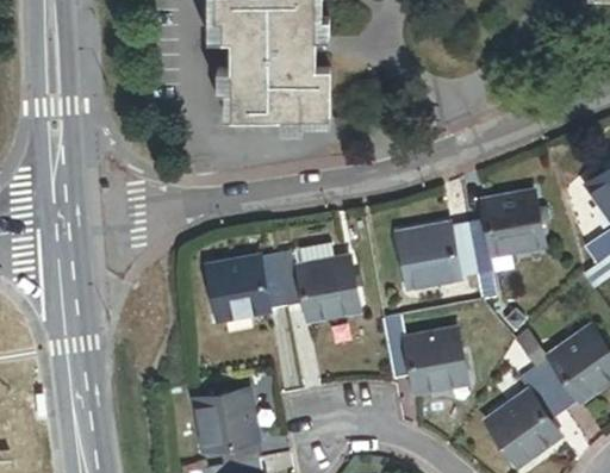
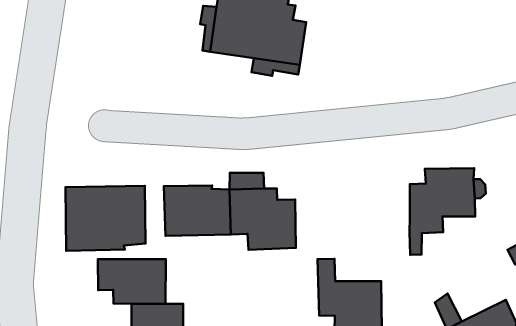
building: [398,222,477,286] -> none
building: none -> [66,186,146,251]
building: none -> [98,259,166,304]

